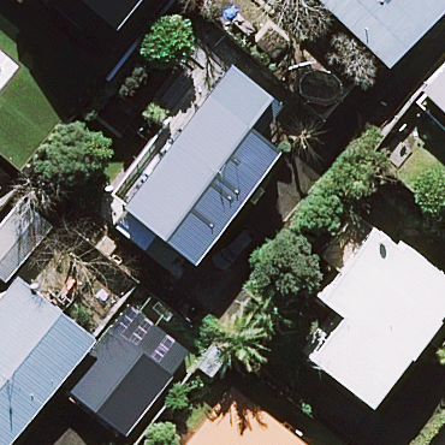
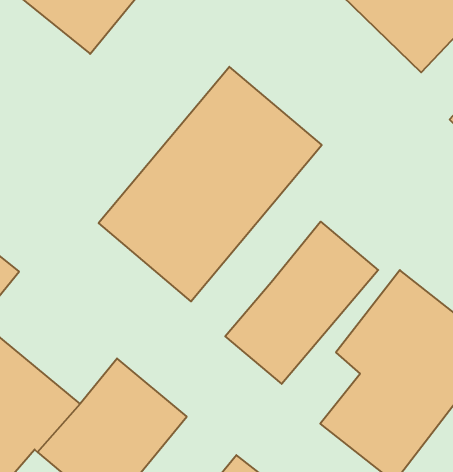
building: none -> [225,222,378,384]

